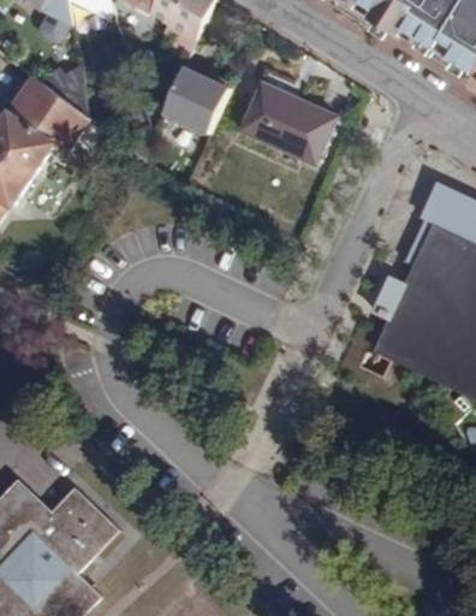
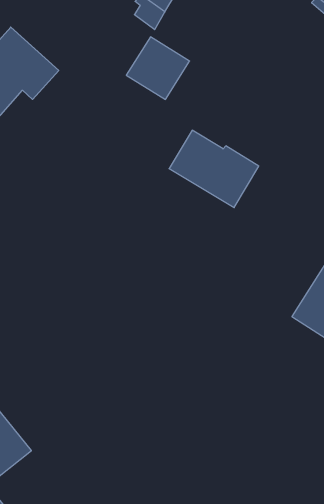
building: [240,84,337,161] -> [169,130,259,208]

